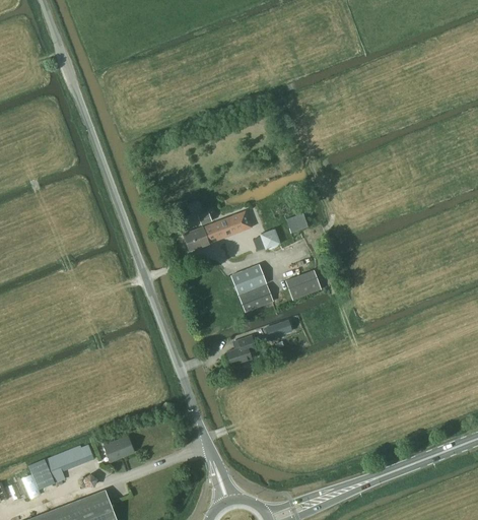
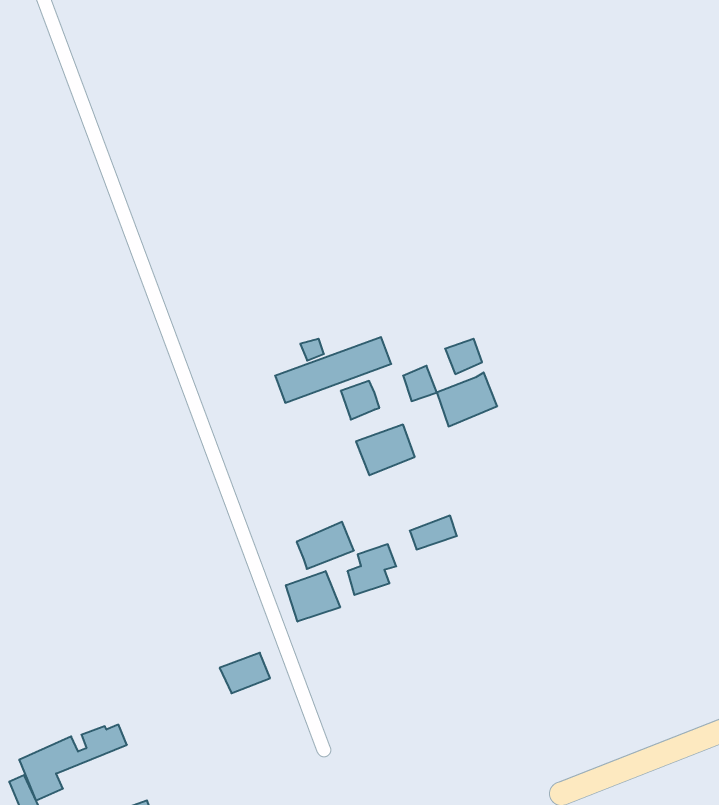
building: [285,269,322,302] -> [437,372,497,426]
building: [238,284,273,313] -> [297,522,354,569]
building: none -> [286,571,340,622]
building: [104,437,134,461] -> [220,653,270,693]

